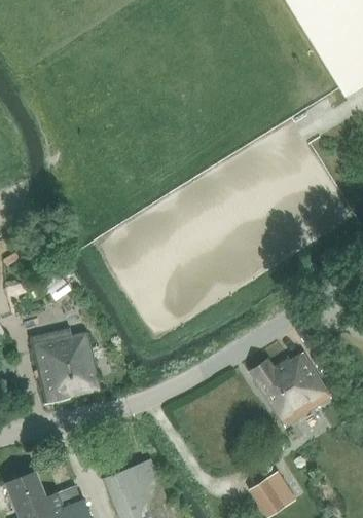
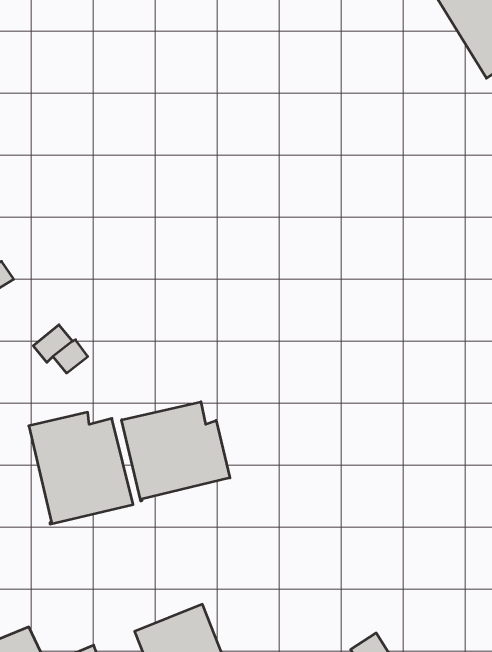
building: none -> [122,402,230,501]
building: [251,354,330,427] -> none

